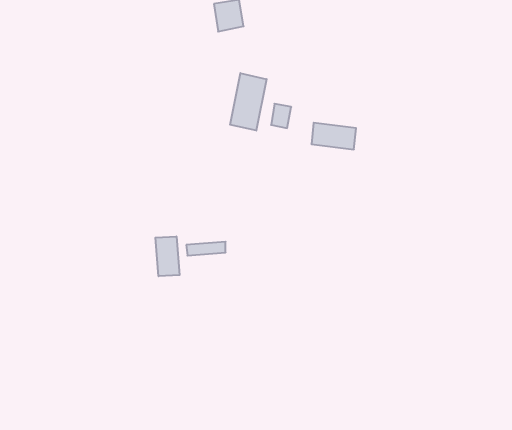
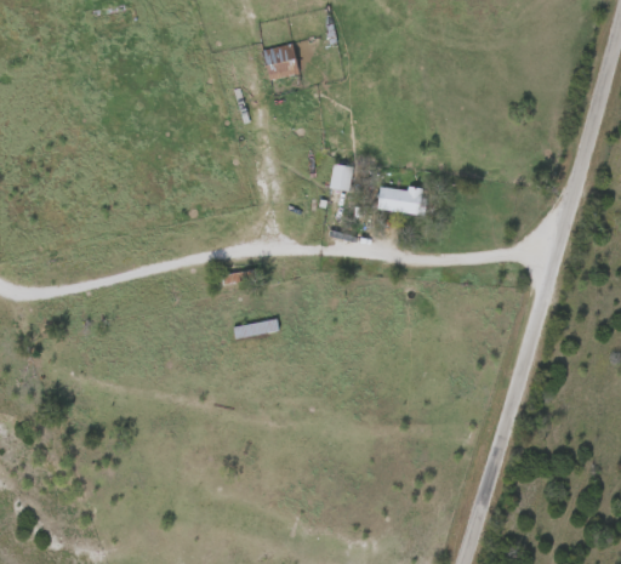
building: [230,73,267,131] -> none
building: [155,236,180,276] -> none

